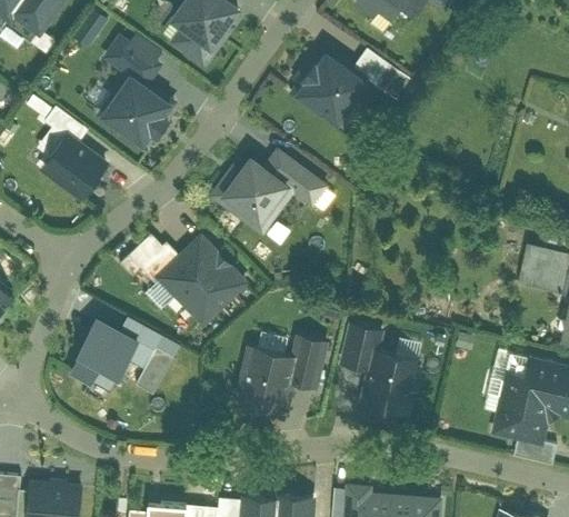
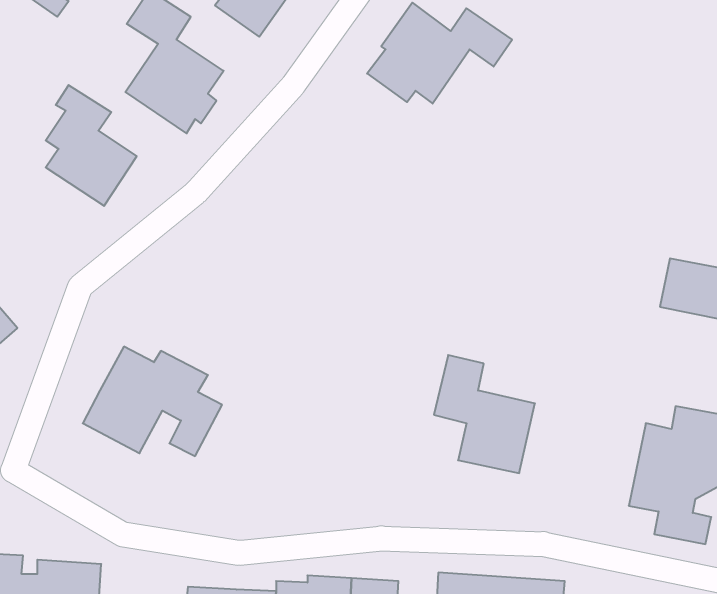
building: [209,147,331,236] -> none
building: [118,232,250,328] -> none
building: [236,332,326,409] -> none

